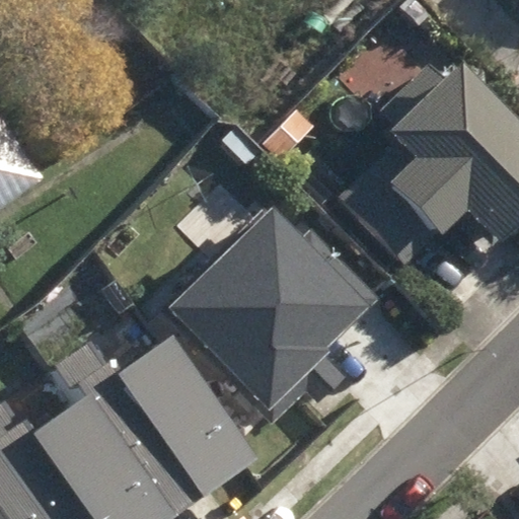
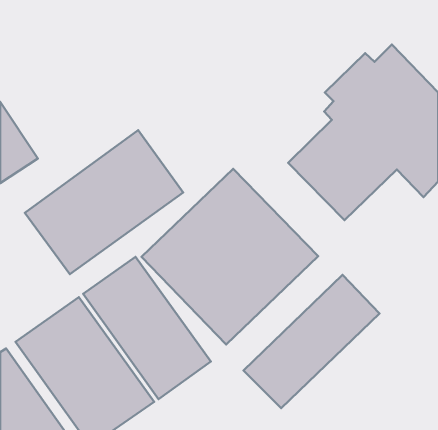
building: none -> [25,130,183,274]
building: none -> [244,275,380,408]

